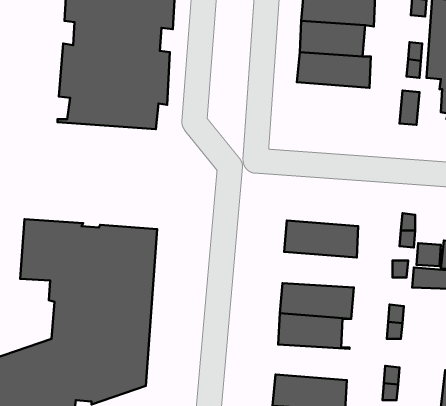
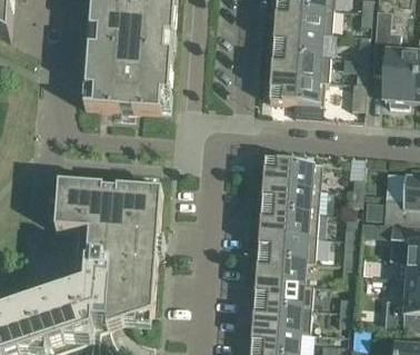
building: none -> [269,76,327,105]
building: none -> [262,159,320,188]
building: none -> [259,208,317,236]
building: none -> [253,280,311,308]

